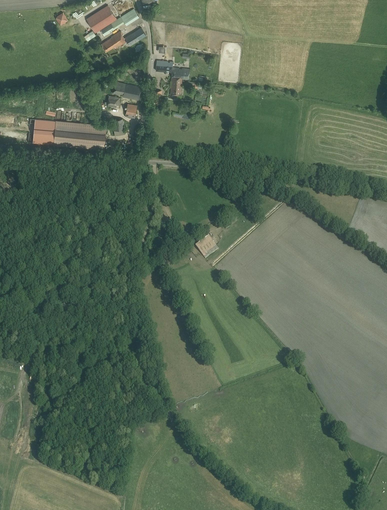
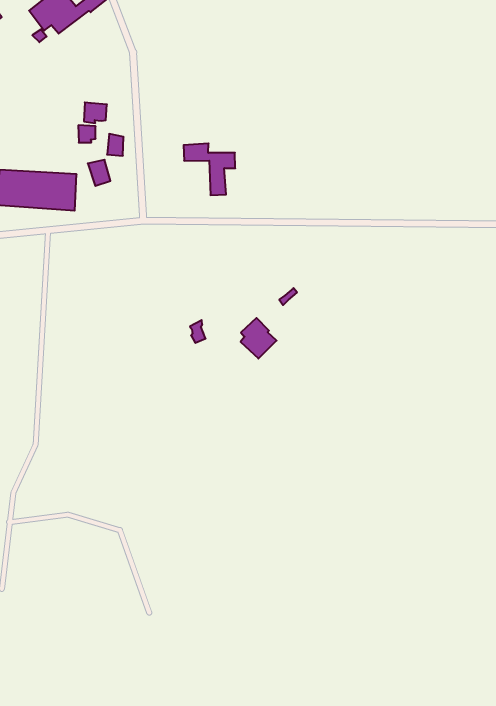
building: [100,27,145,52] -> none
building: [155,60,188,95] -> [184,143,235,195]

